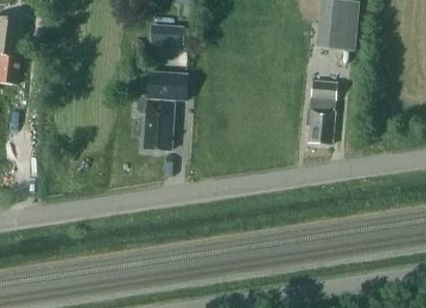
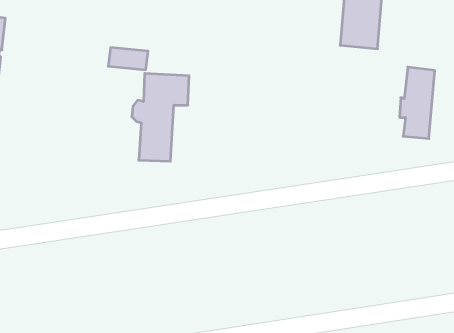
building: [149,24,184,43] -> [108,48,148,70]
building: [305,79,336,142] -> [400,67,435,139]

